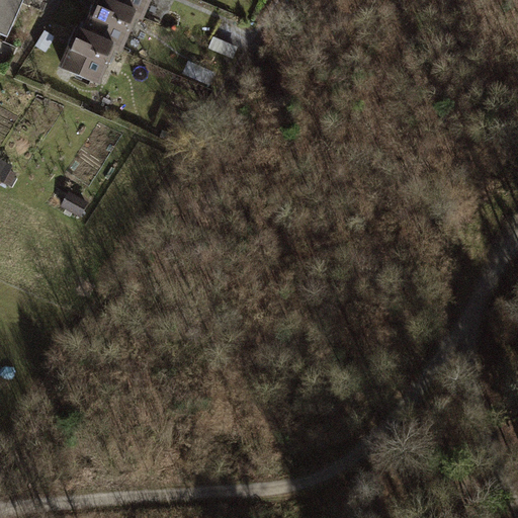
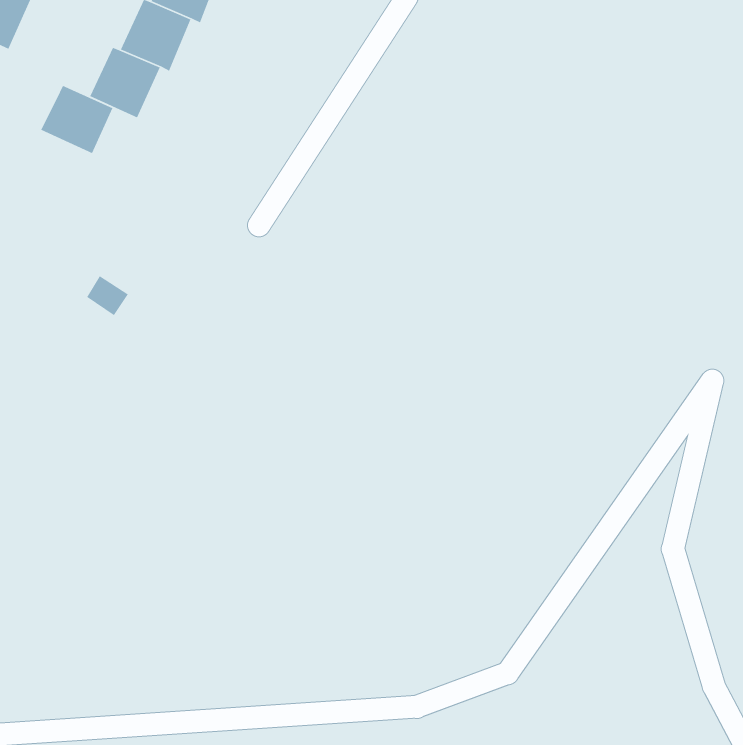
building: none -> [40,85,114,154]

